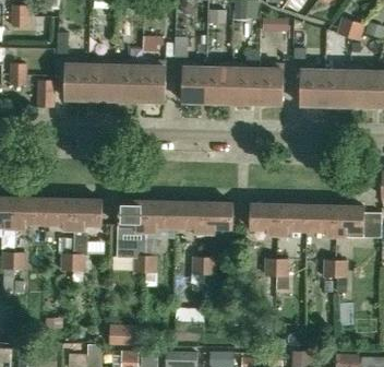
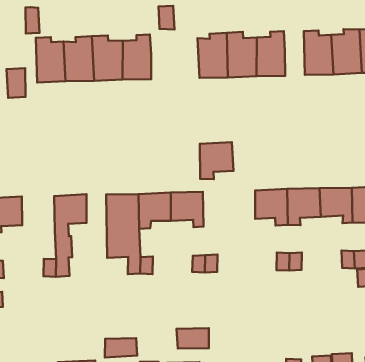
building: [181,63,206,103] -> none
building: [44,199,73,230] -> none
building: [203,203,232,235] -> [200,142,233,179]

